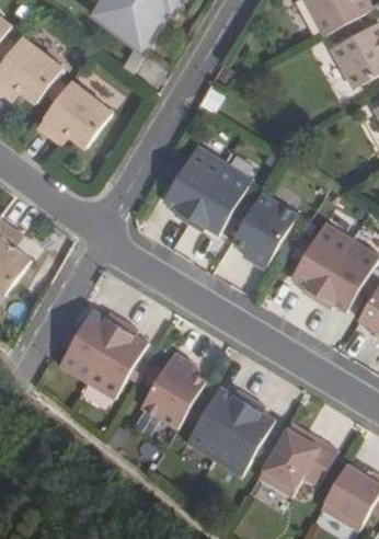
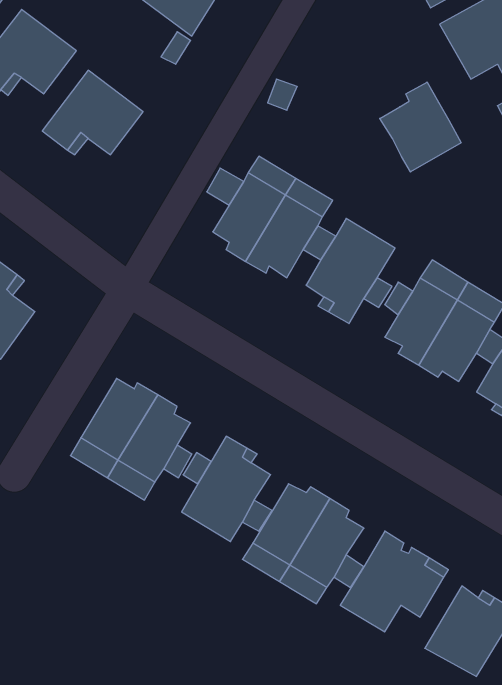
building: none -> [380,82,461,172]

